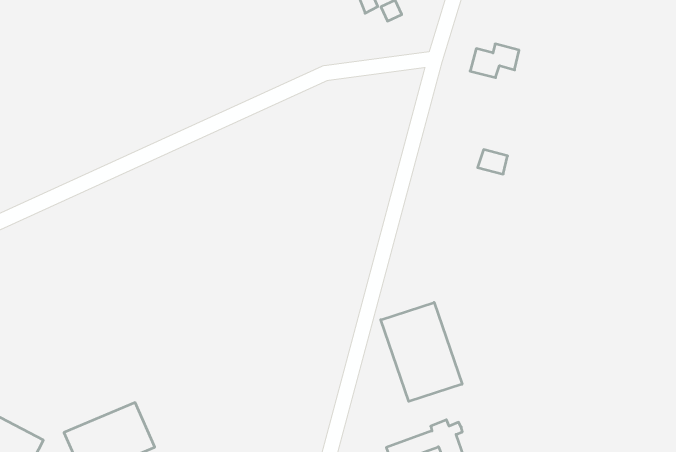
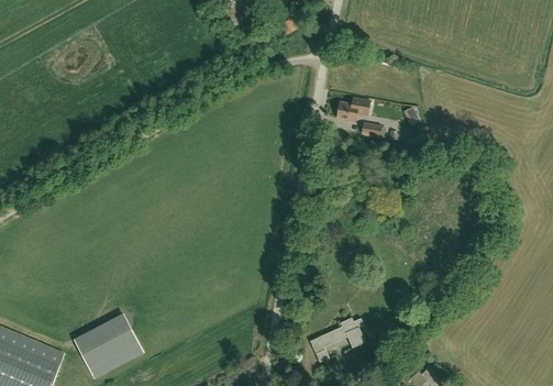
building: [470,44,519,78] -> [336,97,370,121]
building: [381,302,462,401] -> none

